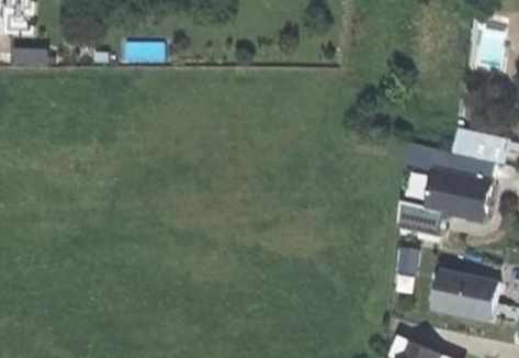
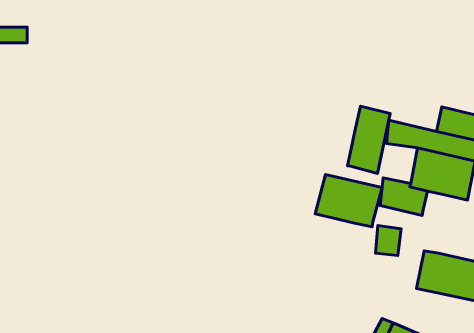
building: none -> [348,106,390,173]
building: none -> [315,175,382,227]

